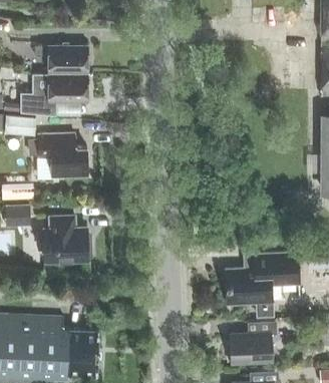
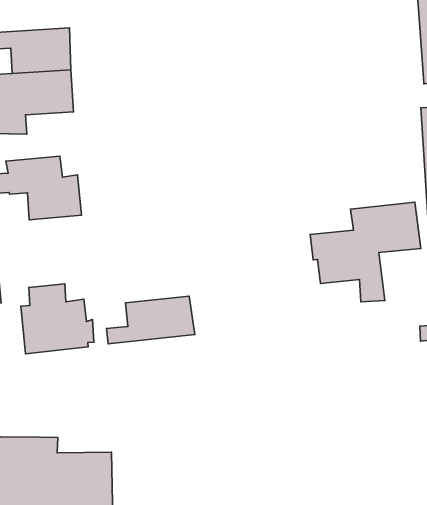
building: none -> [107,296,195,344]
building: [225,252,298,316] -> [310,202,421,302]
building: [228,322,277,361] -> none

